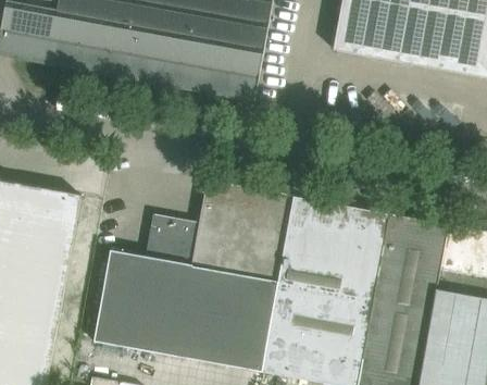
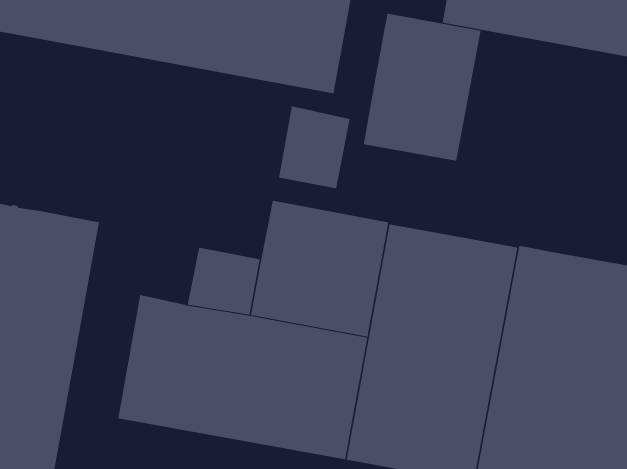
building: none -> [363,13,481,162]
building: none -> [279,105,350,189]

